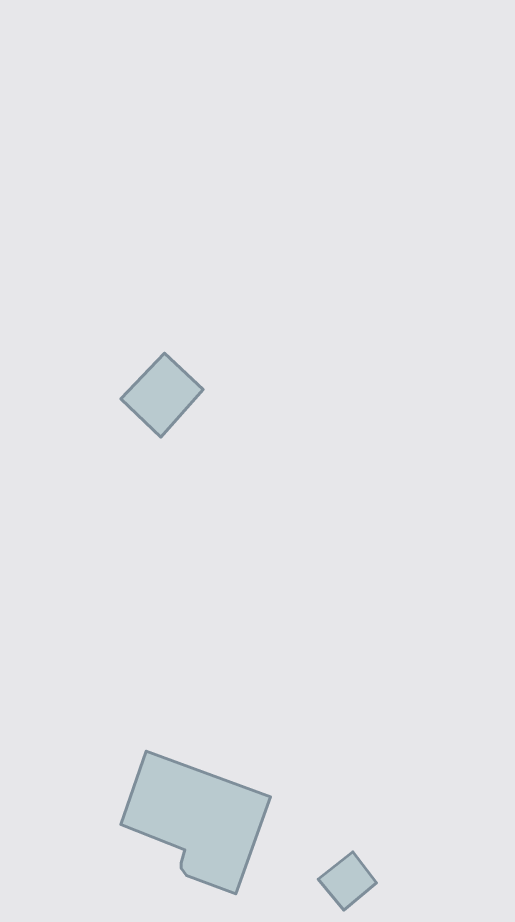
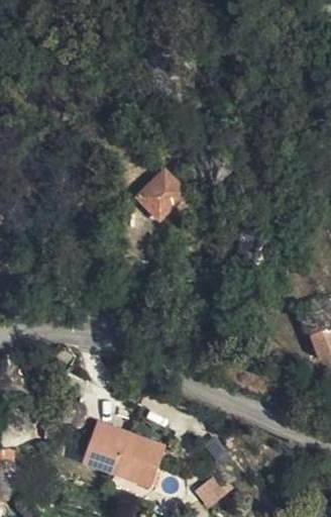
building: [121,353,203,437] -> [134,172,180,218]

